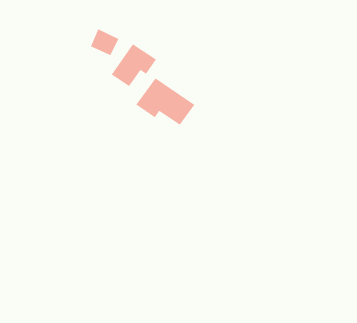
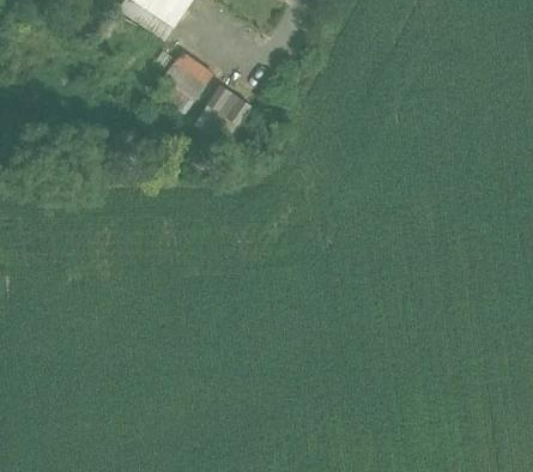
building: [136,78,195,126] -> none

